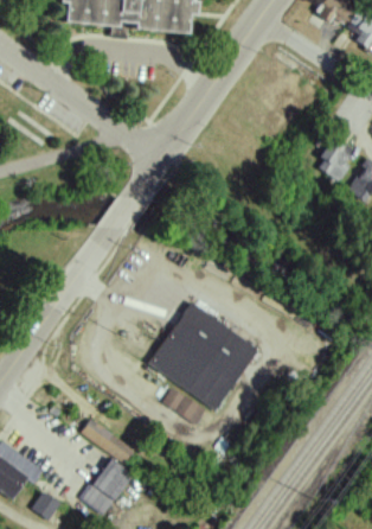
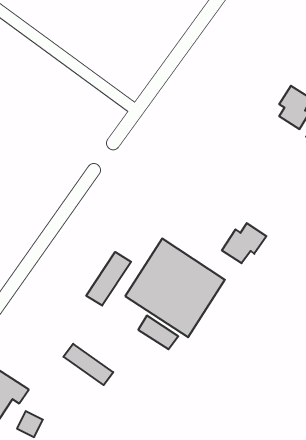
building: none -> [222,223,266,263]
building: none -> [86,252,131,306]
building: [83,457,133,515] -> none

